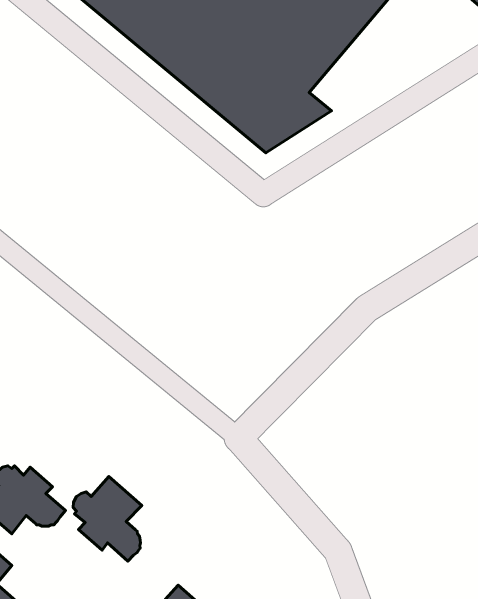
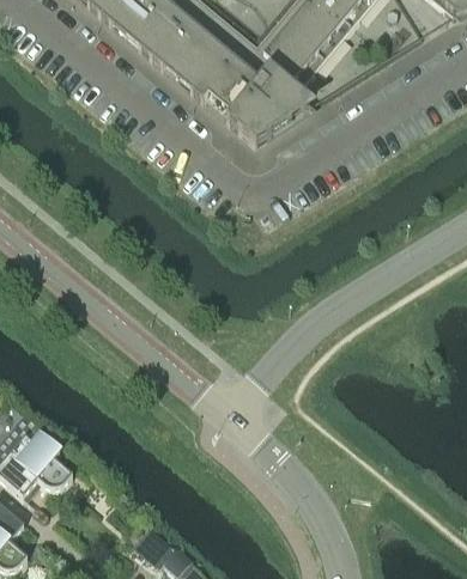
building: [73,476,142,561] -> none

